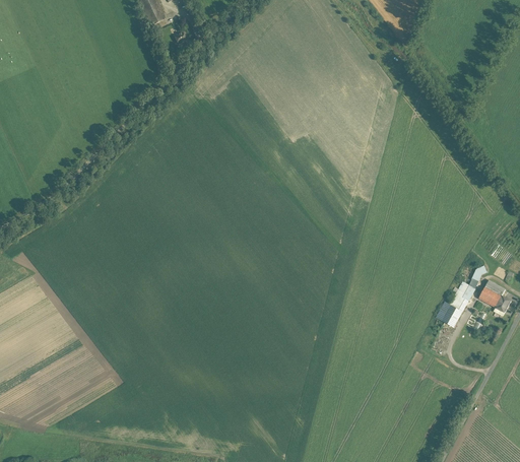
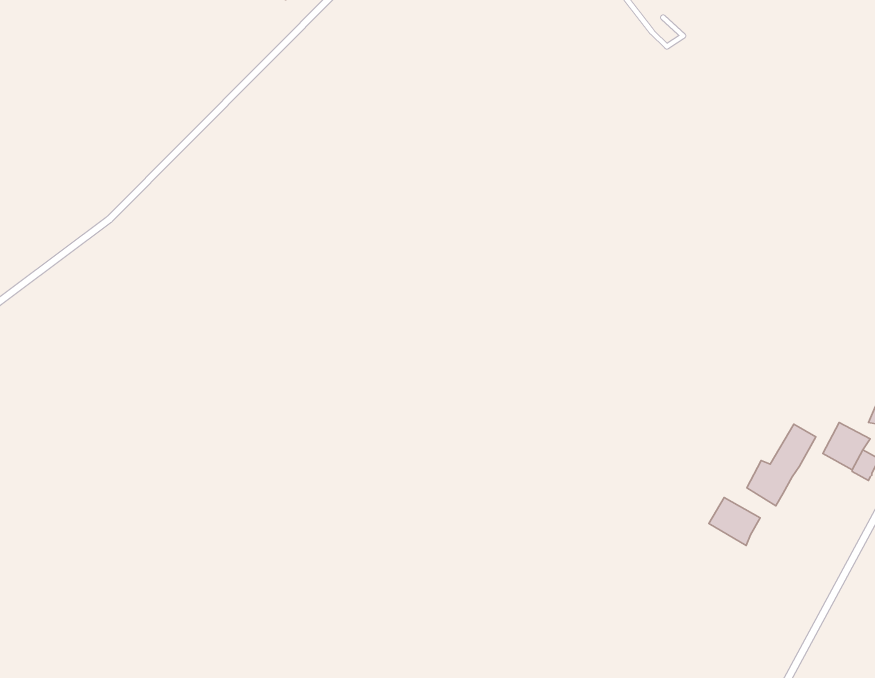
building: none -> [709,497,760,545]

